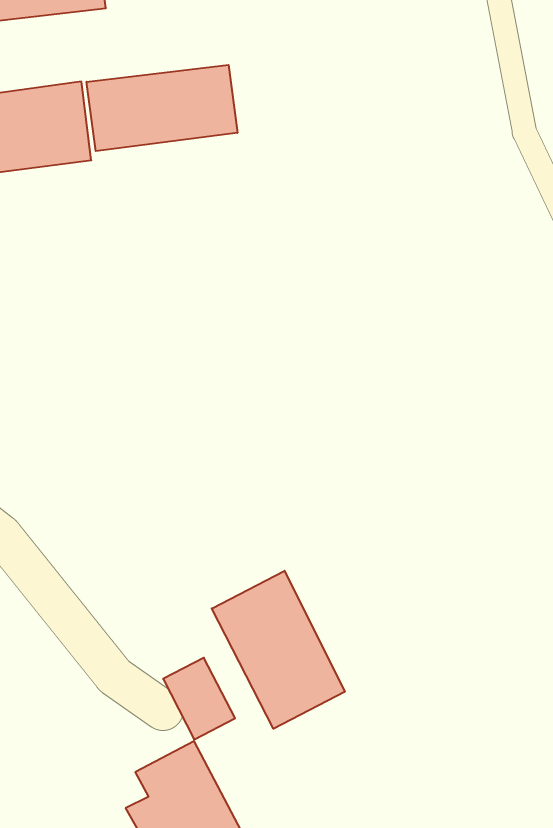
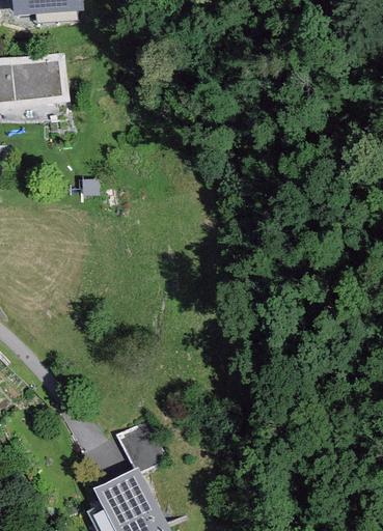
building: [87,65,237,151] -> none
building: [212,571,345,729] -> none

